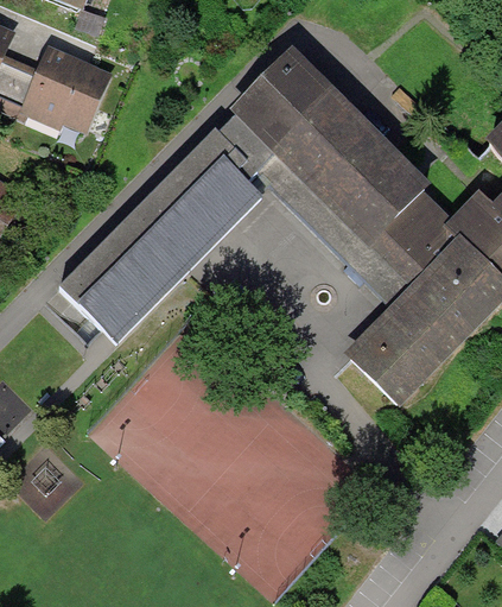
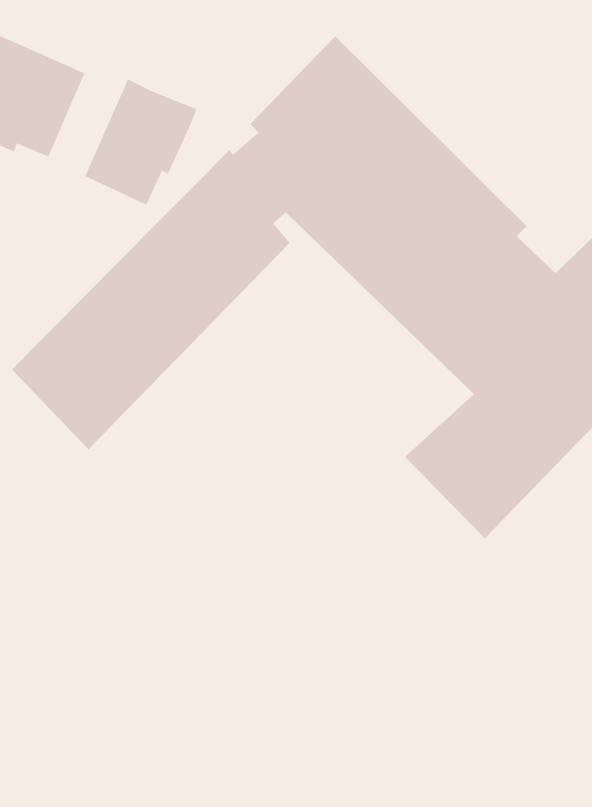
building: none -> [84,78,197,205]

